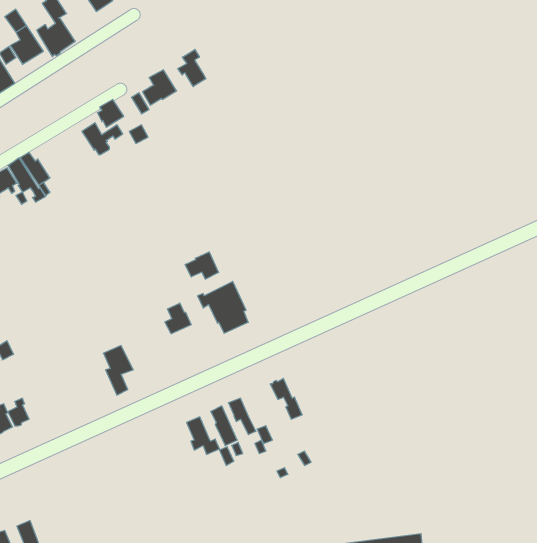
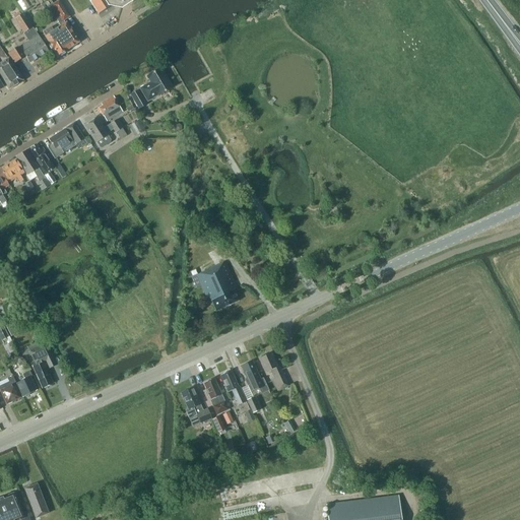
building: [178,49,206,87] -> none
building: none -> [47,123,83,157]
building: [185,252,218,279] -> none
building: [165,303,191,334] -> none
building: [103,346,133,395] -> [28,342,56,388]
building: none -> [240,361,267,393]

